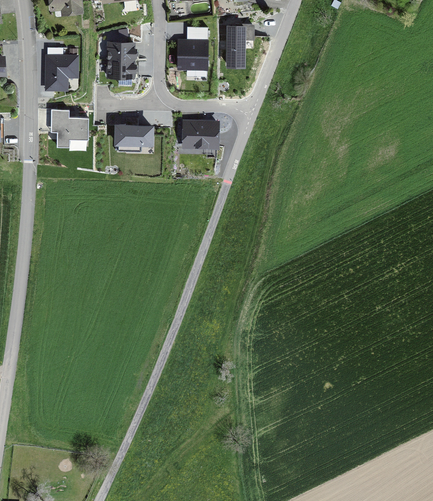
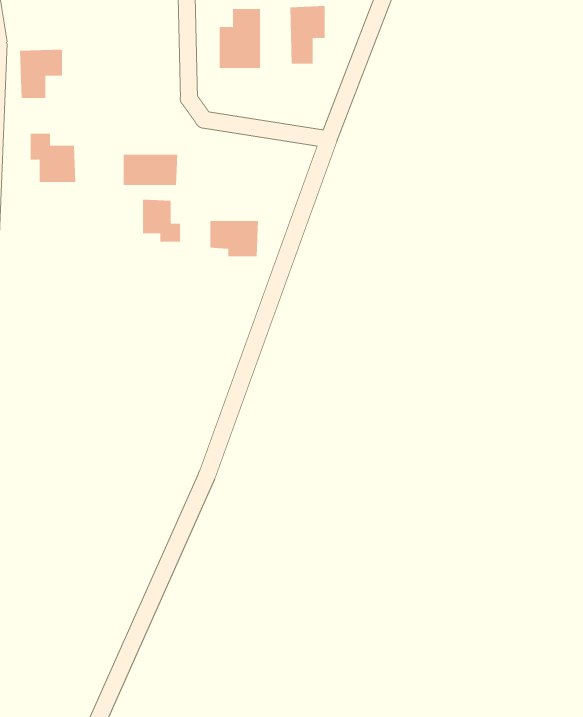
building: [107,43,136,78] -> none
building: [184,123,217,147] -> [209,221,259,257]
building: none -> [143,199,180,242]

